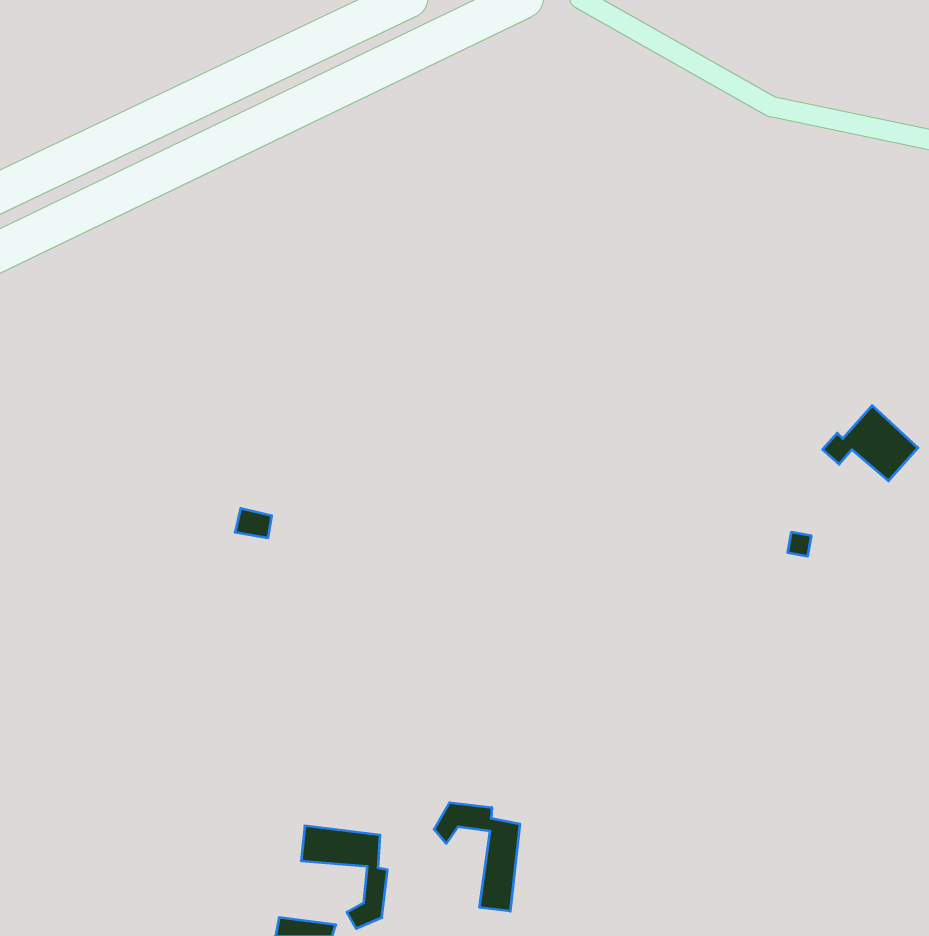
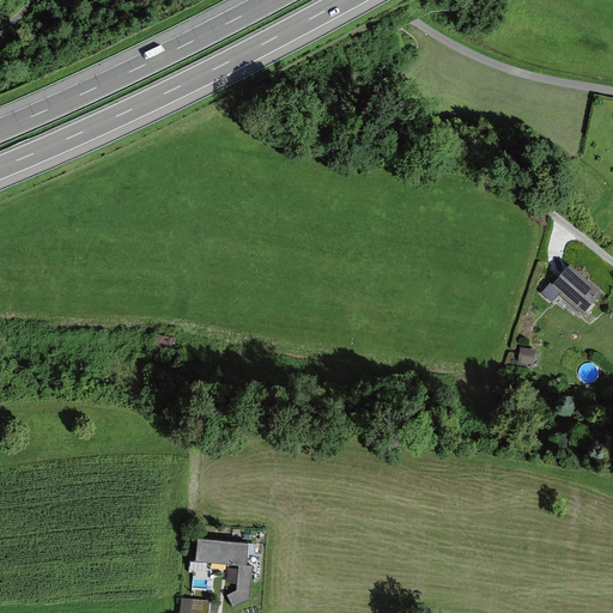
building: [434,803,520,911] -> none

